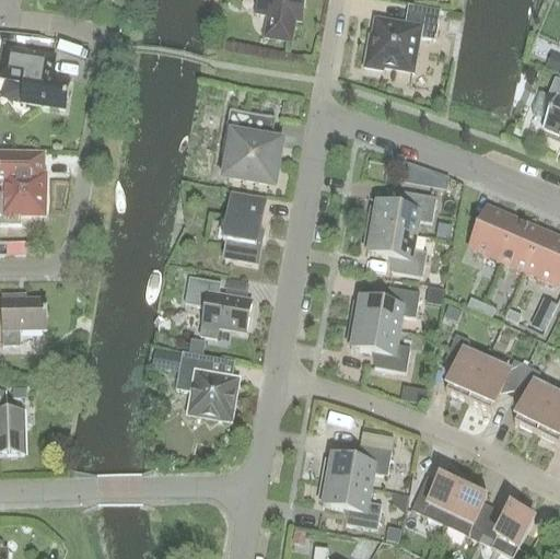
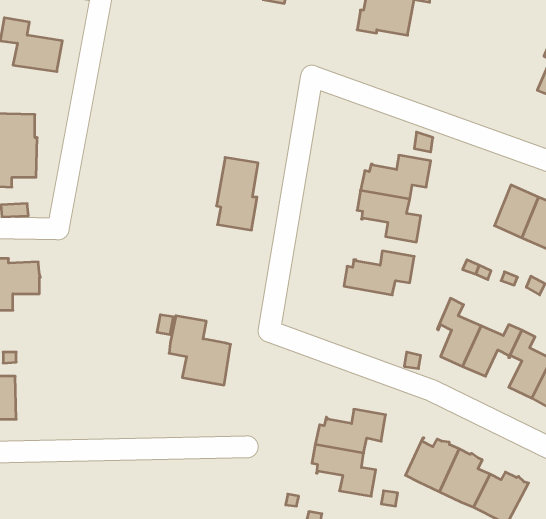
building: [222,107,279,180] -> none
building: [471,207,516,259] -> none
building: [185,275,252,335] -> none
building: [347,319,410,371] -> none

